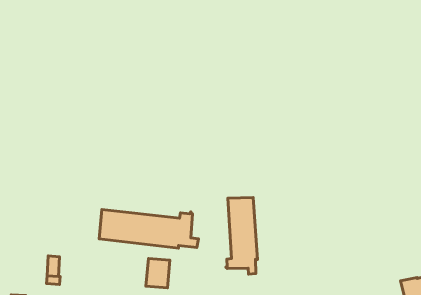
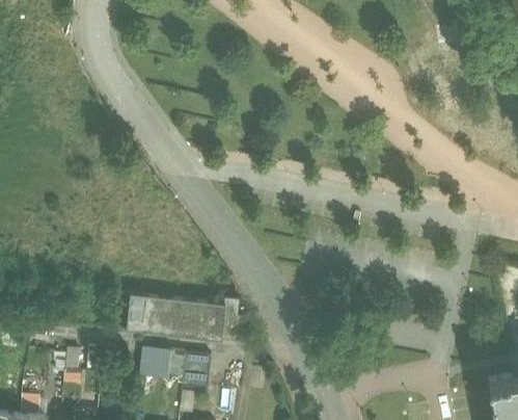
building: [226,197,258,274] -> none
building: none -> [138,348,168,378]

